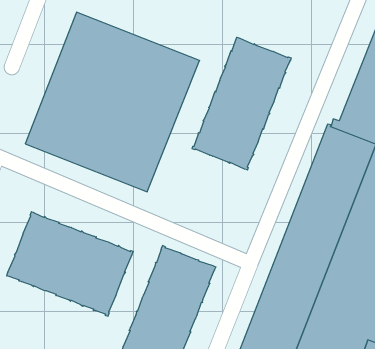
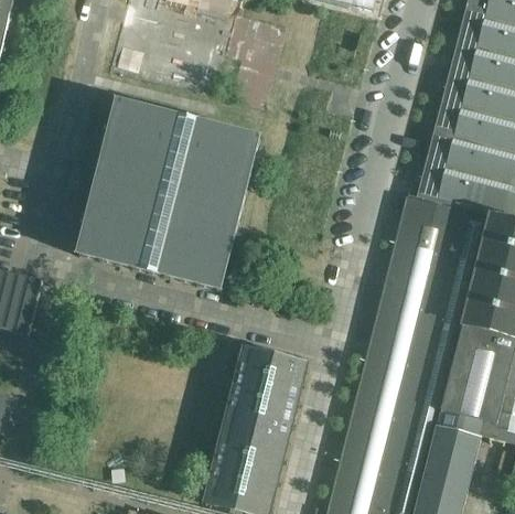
building: [192,37,291,170] -> none
building: [7,212,133,316] -> none

